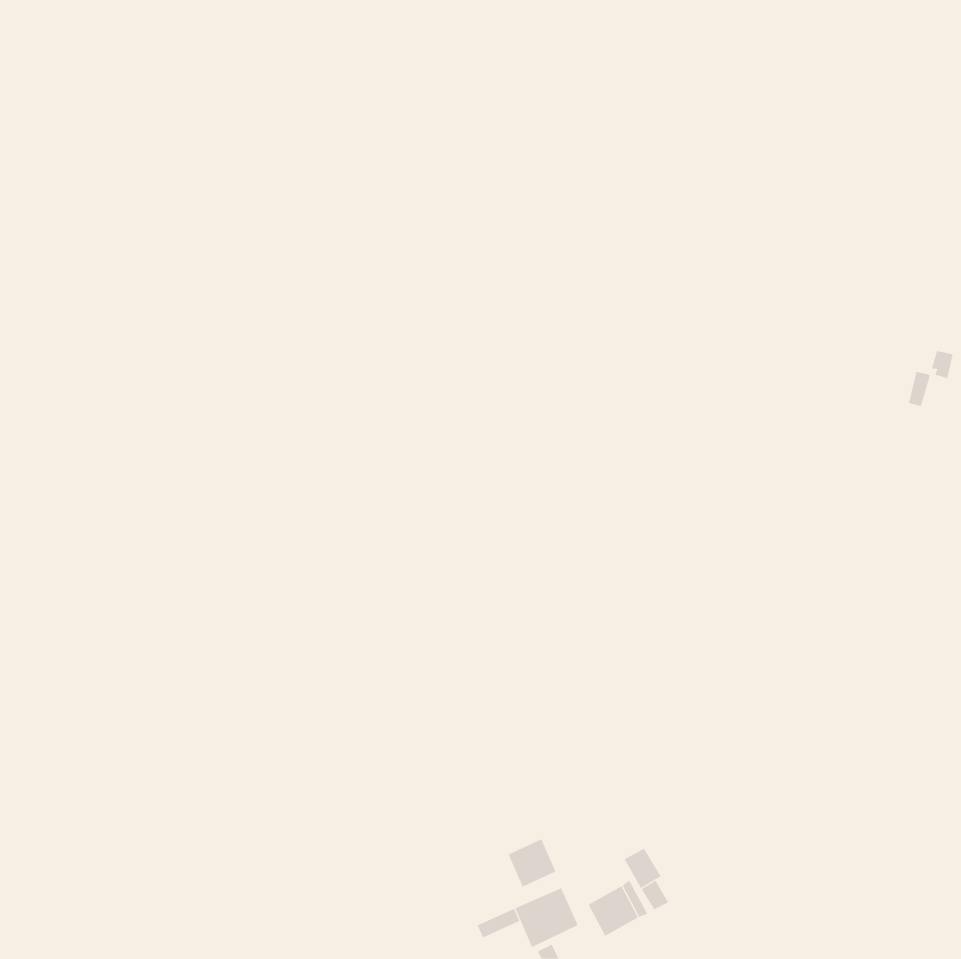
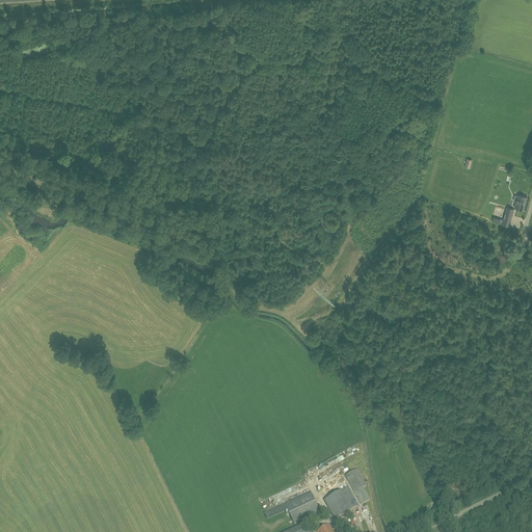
building: [508,839,556,888] -> none

